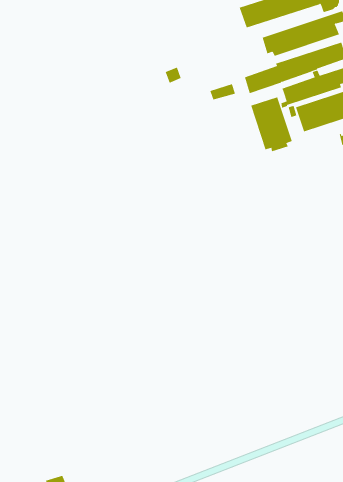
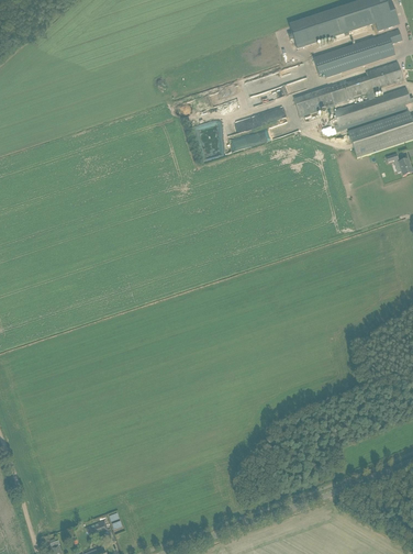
building: [251,97,292,152] -> none

